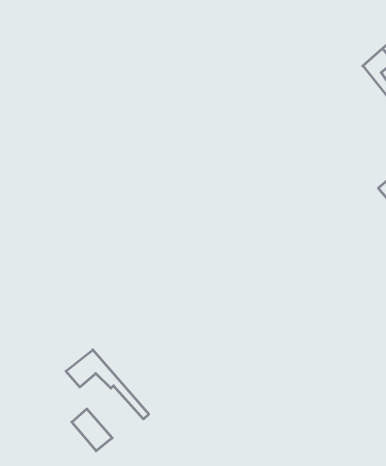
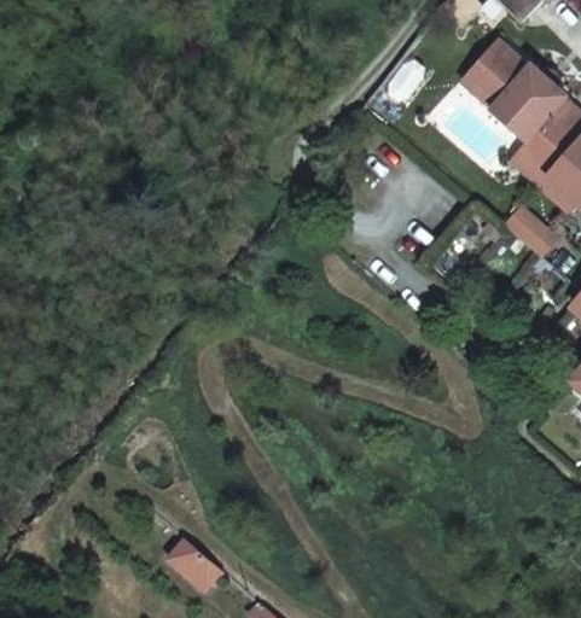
building: [66,350,149,419] -> none

